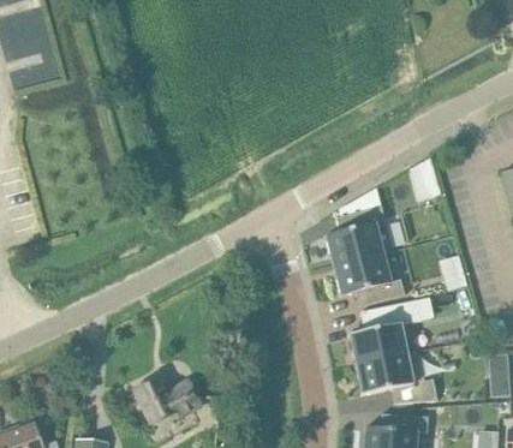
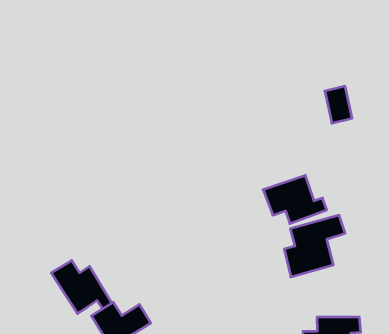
building: [327,207,392,265] -> none
building: none -> [51,260,112,314]
building: [357,352,435,404] -> none

